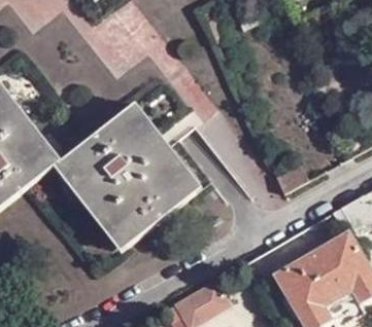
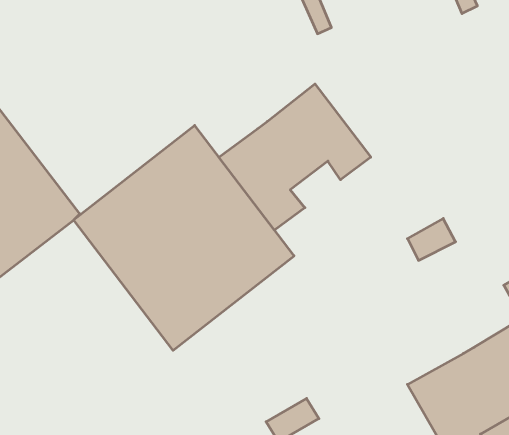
building: none -> [219,84,371,230]

